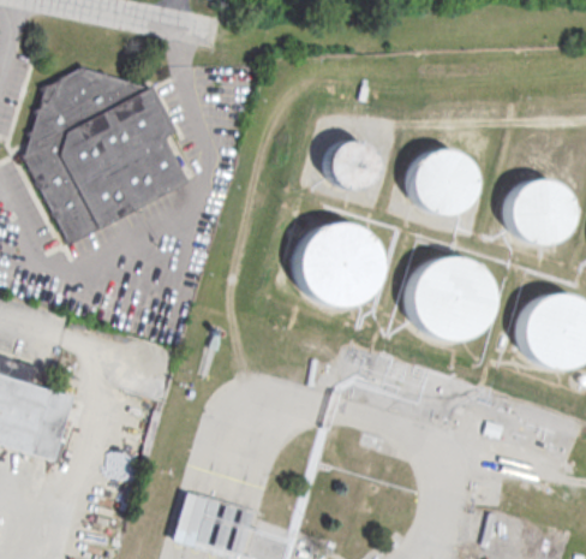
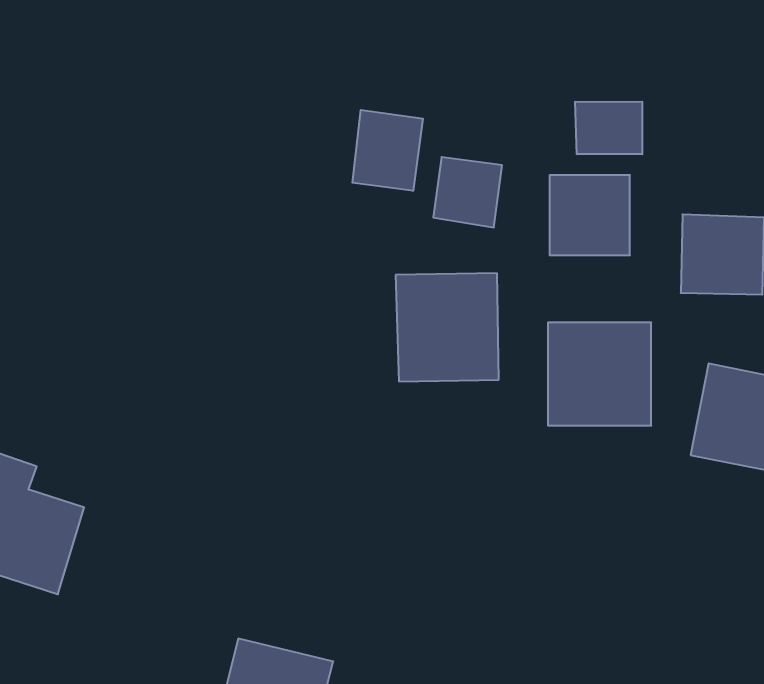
building: [22,65,186,244] -> none
building: none -> [575,102,642,154]
building: none -> [352,110,423,191]

